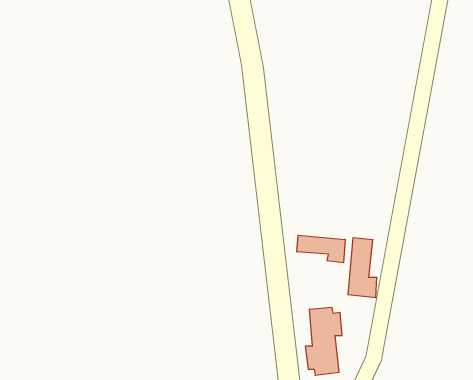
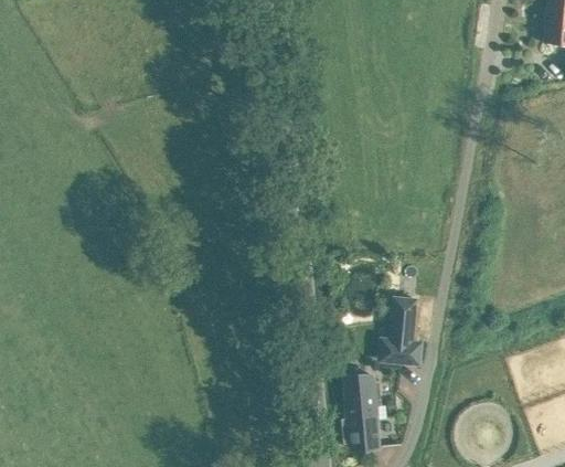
building: [297,235,345,263] -> none

